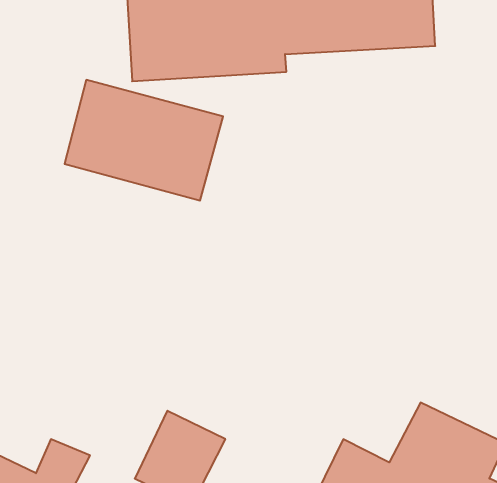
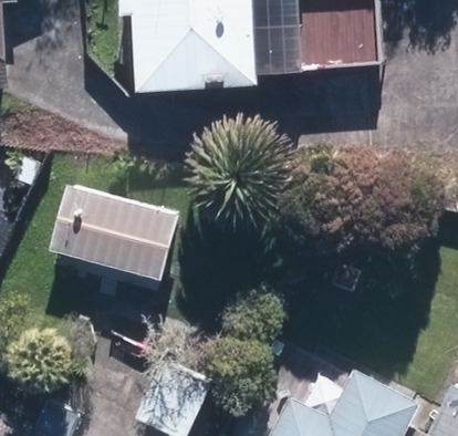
building: [65,80,223,201] -> [44,186,174,284]

